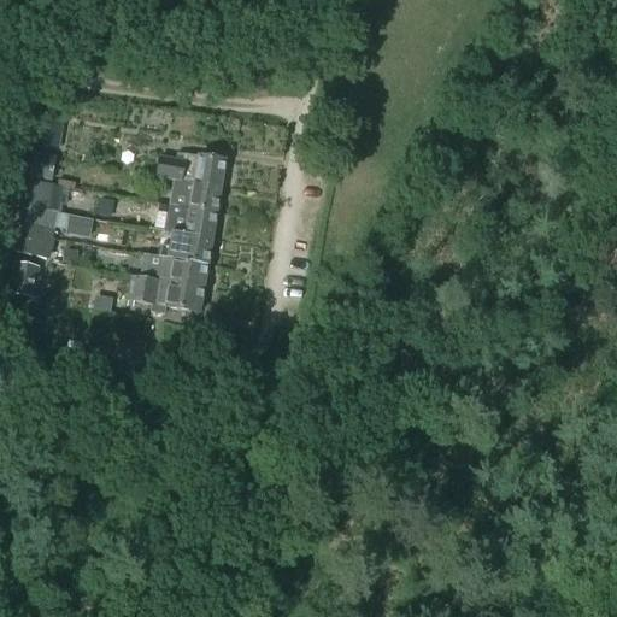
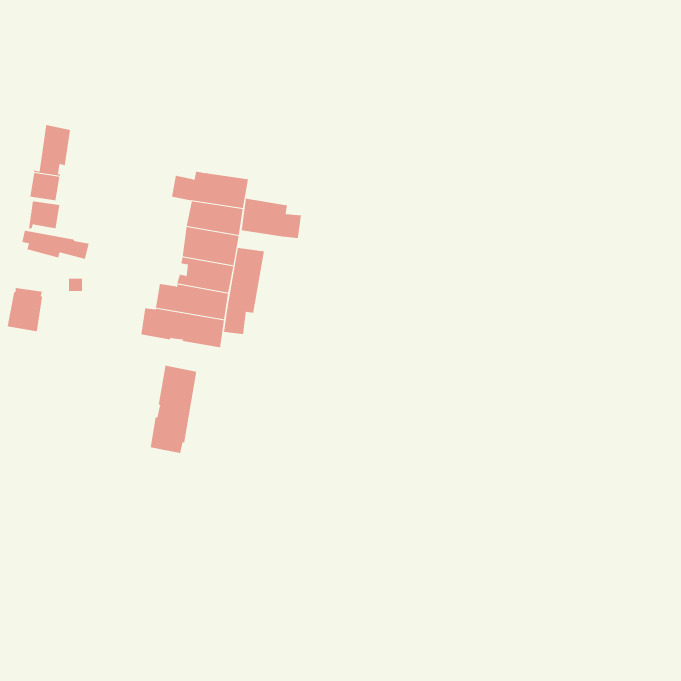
building: none -> [241,198,301,239]
building: none -> [224,247,265,335]
building: [17,224,55,260] -> none
building: none -> [150,365,197,454]

